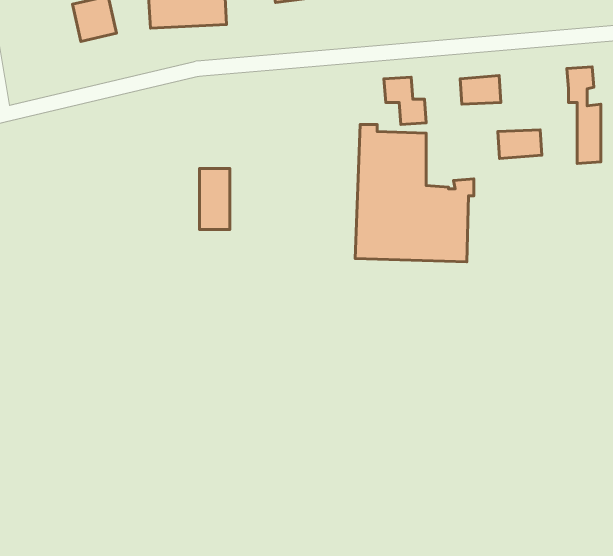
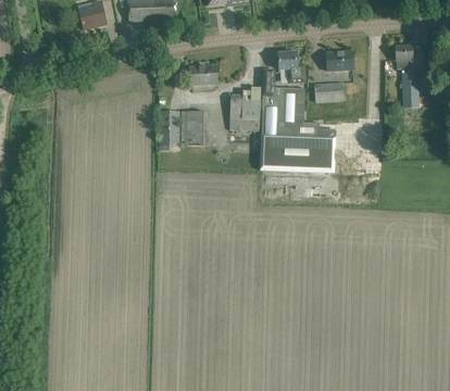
building: none -> [189,65,216,85]
building: [498,130,542,159] -> [314,83,342,101]
building: none -> [229,87,260,130]
building: none -> [180,112,205,146]

